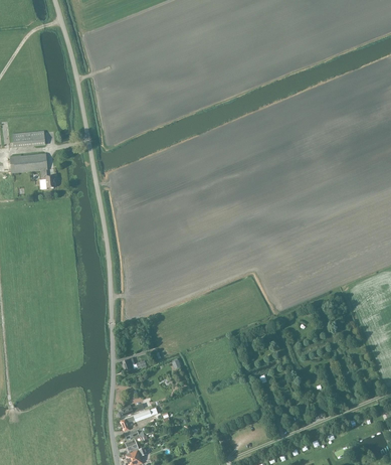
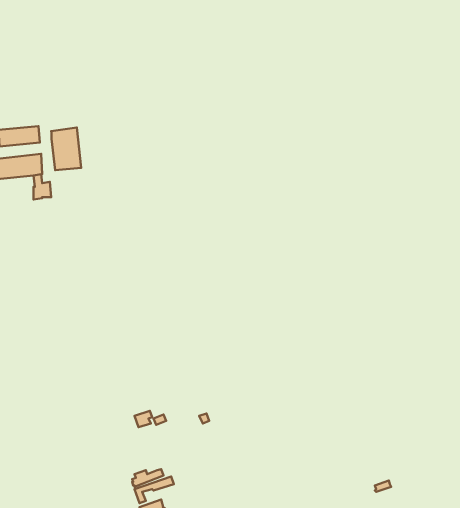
building: none -> [51,128,81,170]

